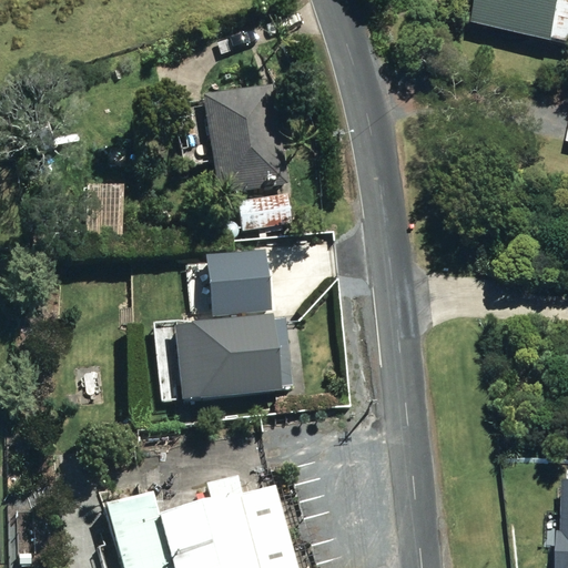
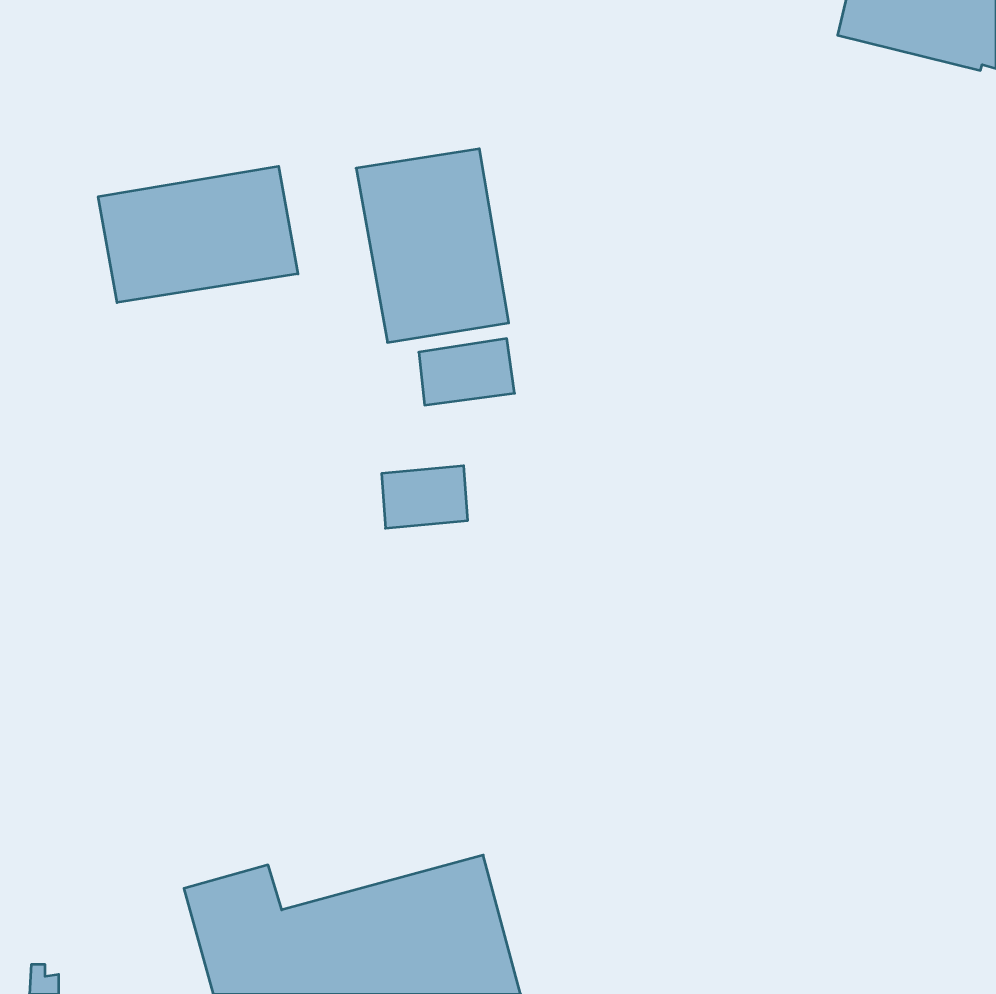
building: none -> [98,166,298,303]
building: [173,314,281,400] -> none

